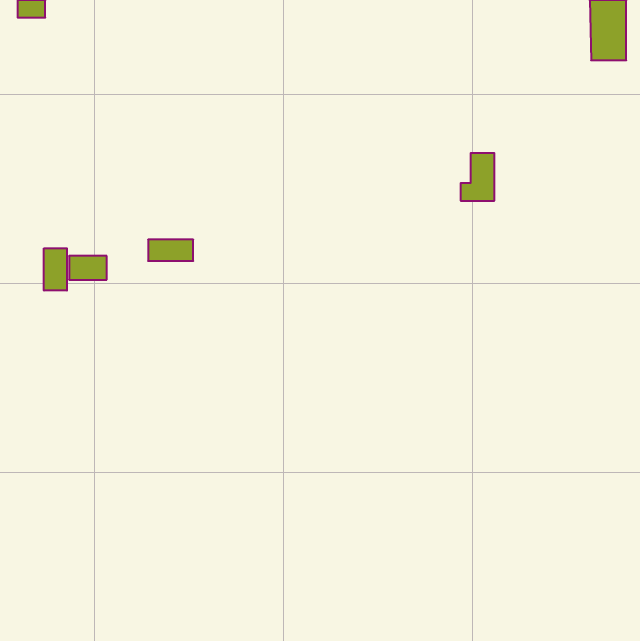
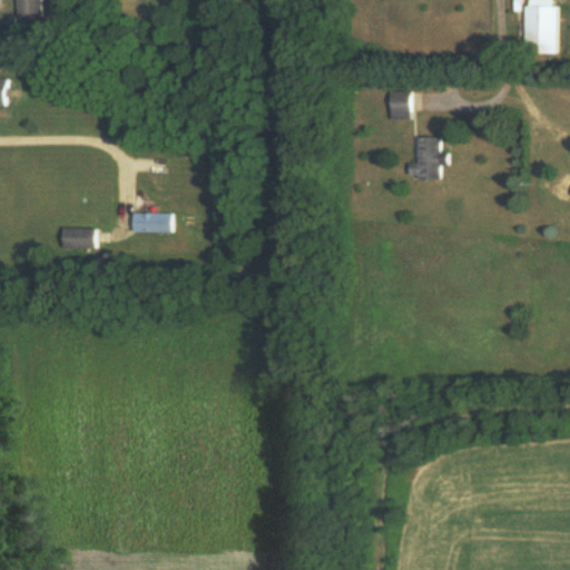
building: none -> [390,91,409,119]
building: [44,248,67,291] -> none

